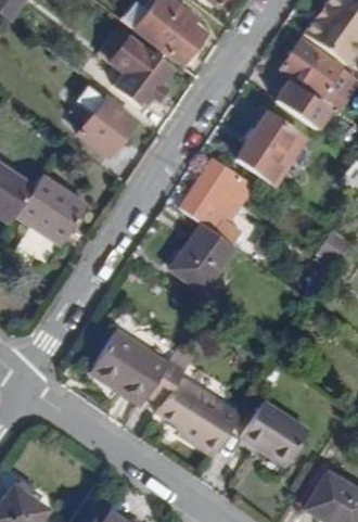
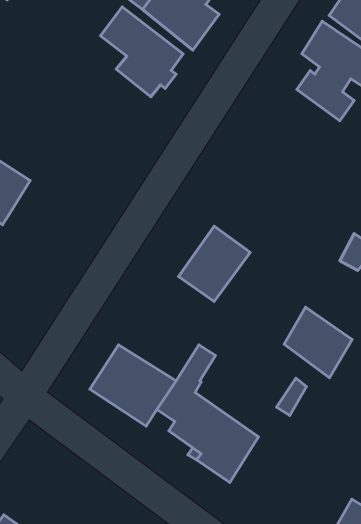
building: [76,96,137,157] -> none
building: [233,114,305,189] -> none
building: [180,160,253,245] -> none
building: [14,174,86,244] -> none
building: [243,404,305,468] -> [284,307,352,378]

